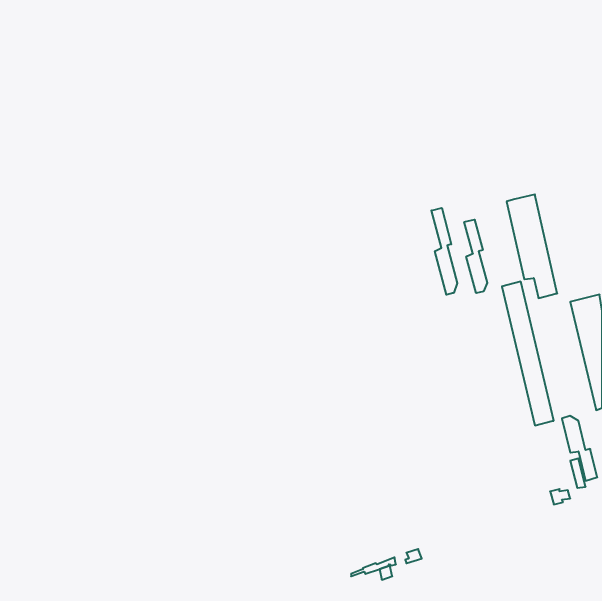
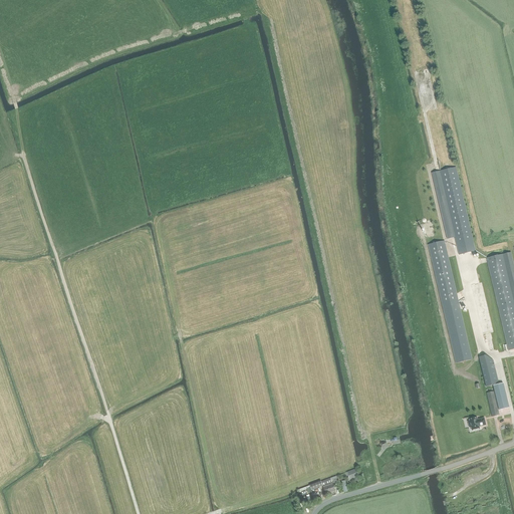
building: [431,208,457,295] -> none
building: [464,220,487,293] -> none

